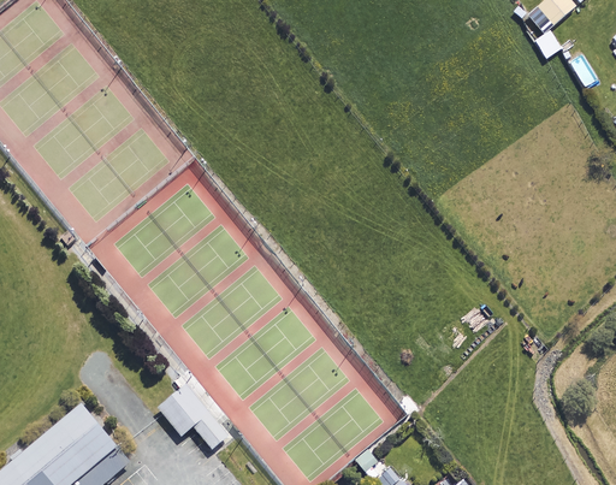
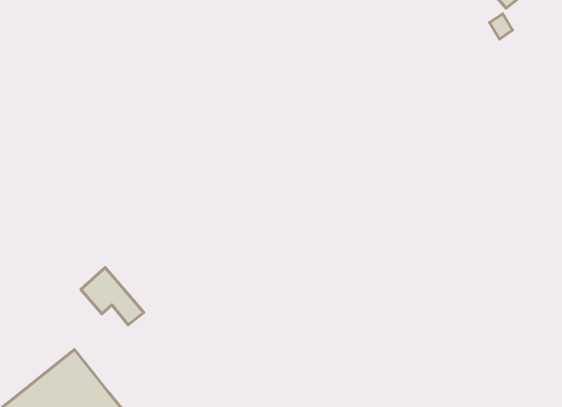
building: [159,385,227,448] -> [81,267,144,325]

